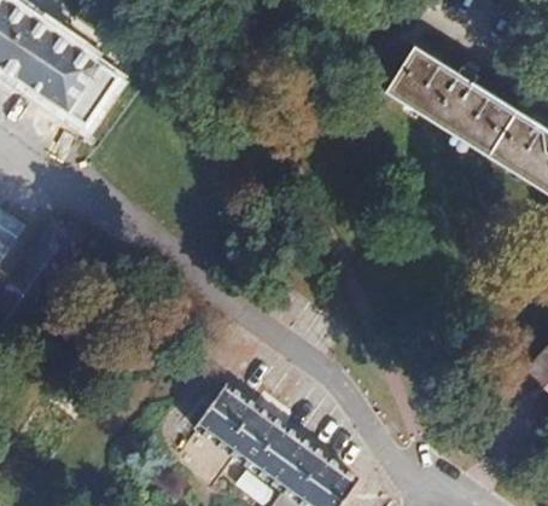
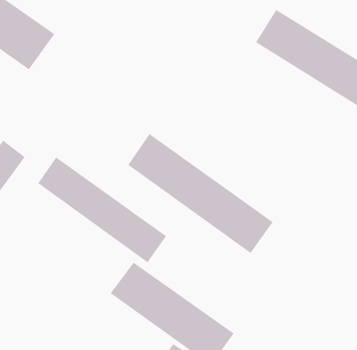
building: none -> [128,133,273,254]
building: none -> [38,157,167,263]

